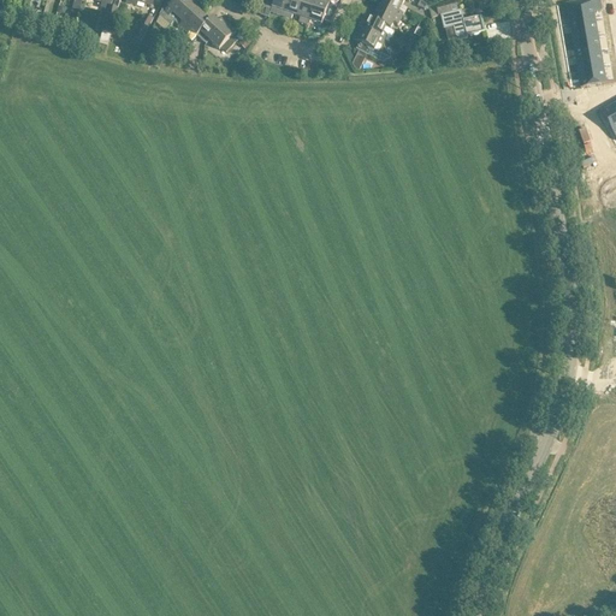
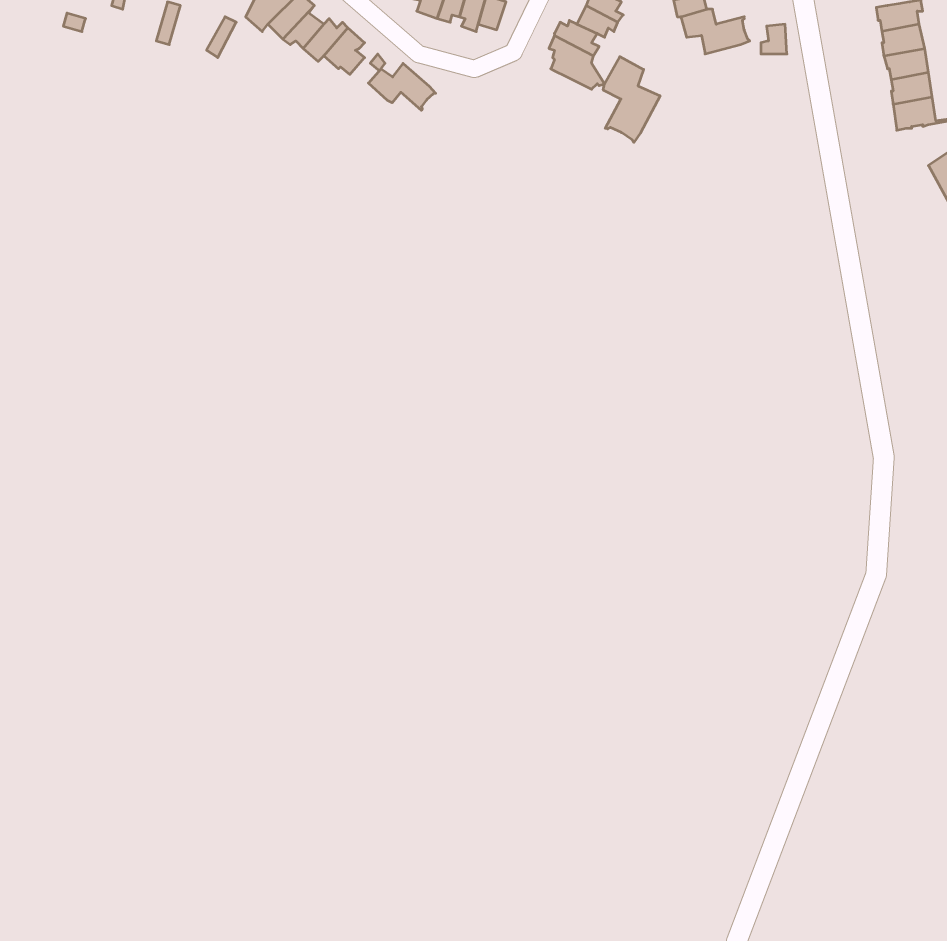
building: none -> [603,57,660,142]
building: none -> [368,63,436,110]

